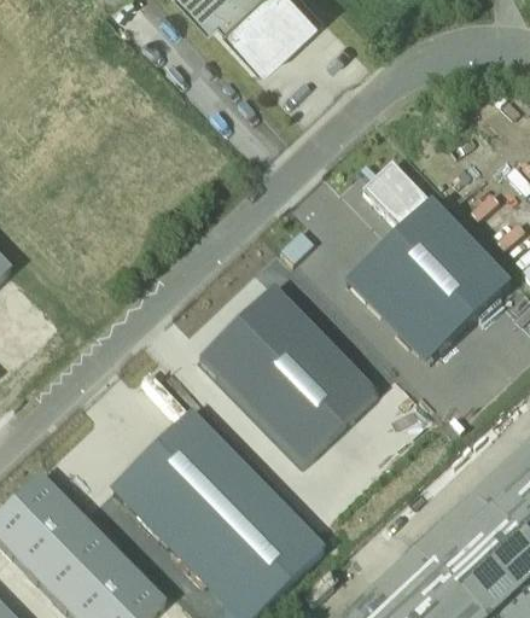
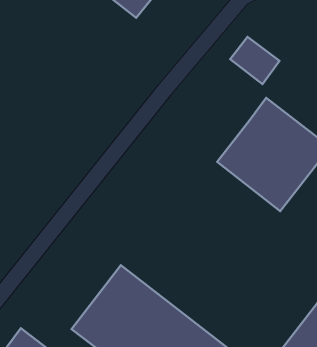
building: [363,161,432,231] -> [230,37,279,84]
building: [196,284,377,466] -> none

